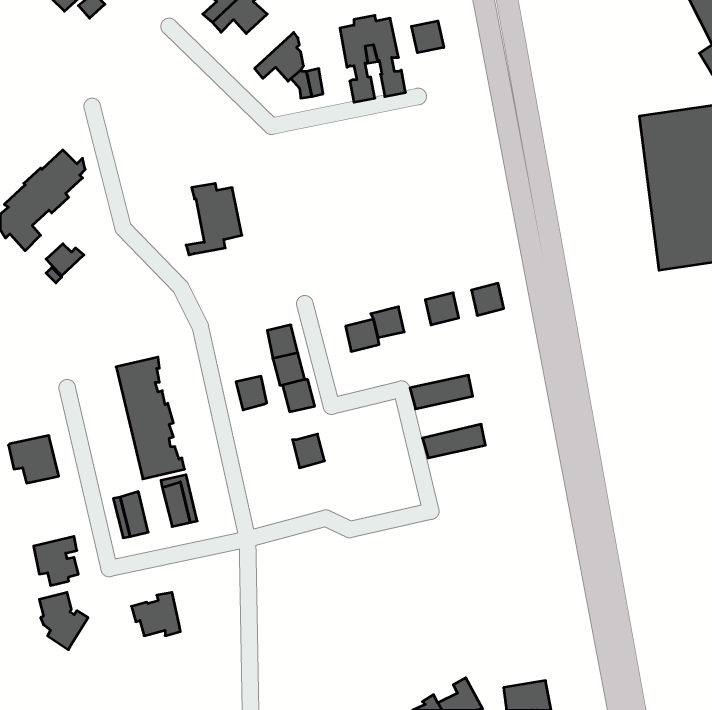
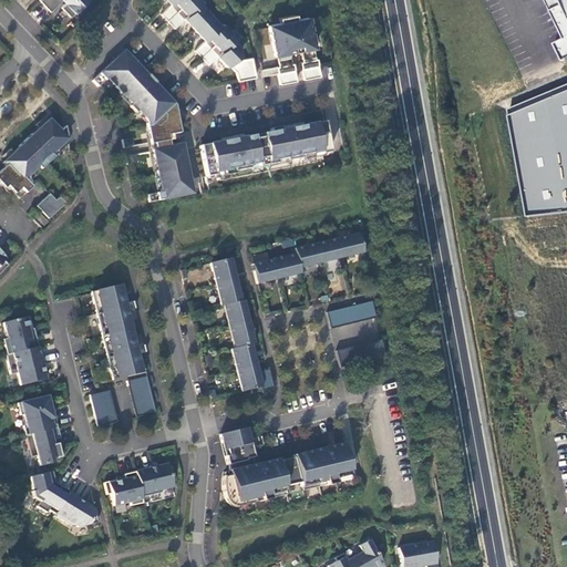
building: none -> [197,11,233,54]
building: [411,21,444,53] -> none
building: none -> [95,54,183,143]
building: none -> [203,121,333,176]
building: [471,283,504,315] -> [318,237,343,262]
building: none -> [255,258,280,284]
building: [236,376,267,410] -> [231,321,256,348]
building: none -> [7,313,41,351]
building: none -> [239,364,276,391]
building: none -> [20,393,61,432]
building: none -> [223,426,353,506]
building: none -> [138,461,176,494]
building: none -> [58,488,101,524]

